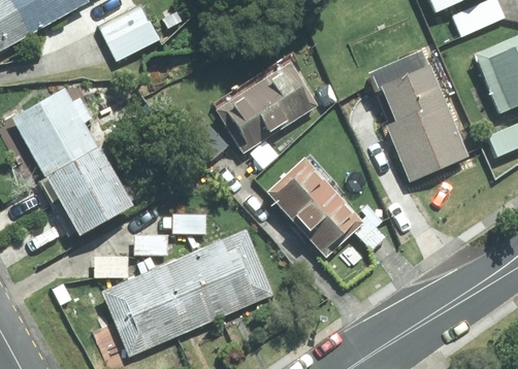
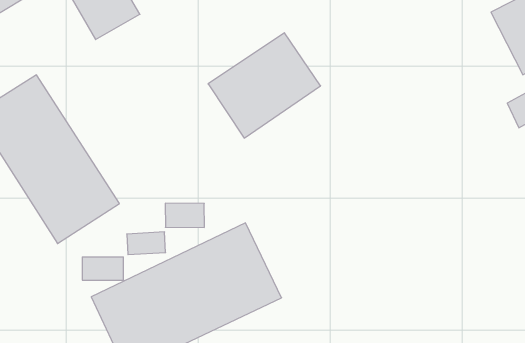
building: [374,64,467,181] -> none
building: [264,156,384,245] -> none

